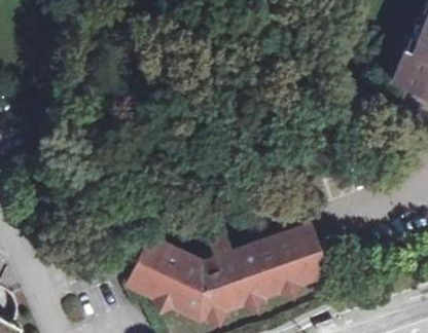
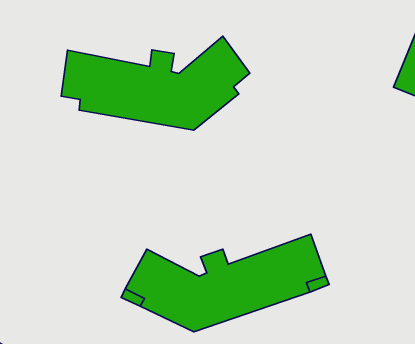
building: none -> [61,36,250,130]

